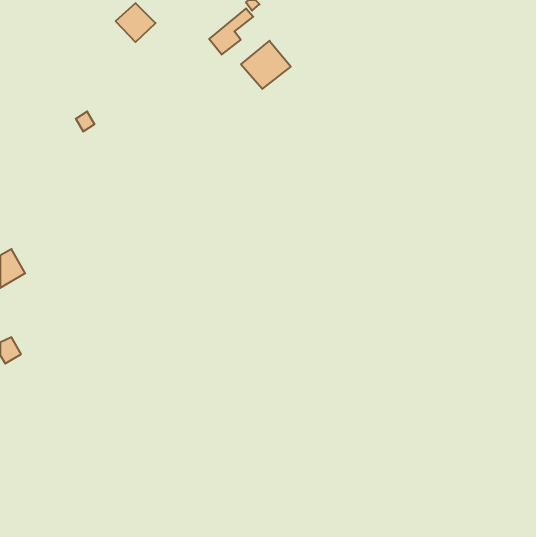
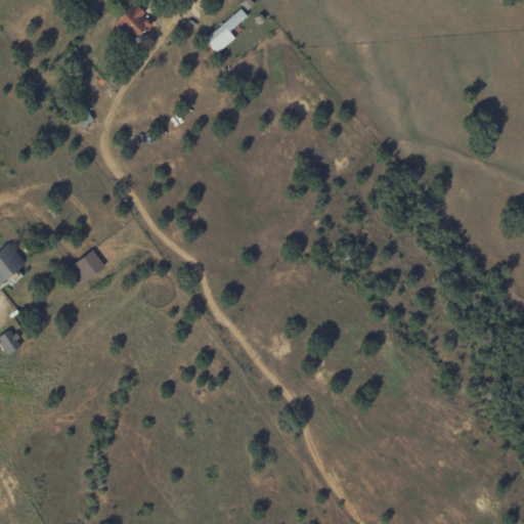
building: [241,41,291,89] -> none
building: none -> [71,251,104,281]

